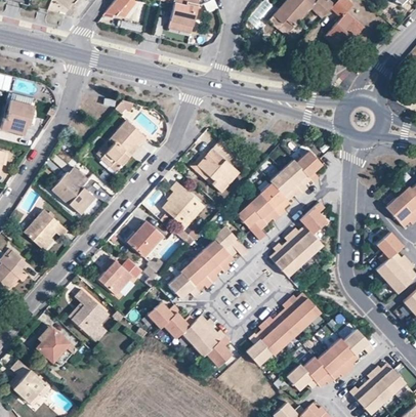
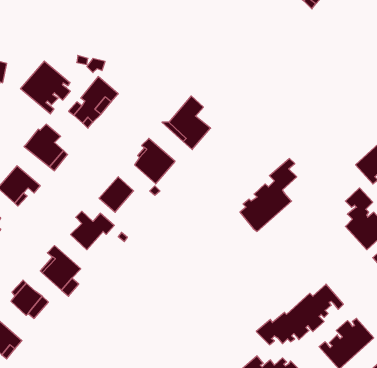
building: none -> [21,61,70,114]
building: [237,150,322,240] -> none
building: [167,224,247,297] -> none
building: [245,292,320,365] -> none
building: [147,300,231,366] -> none

